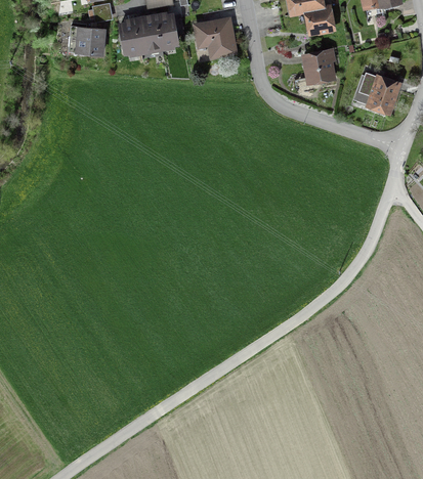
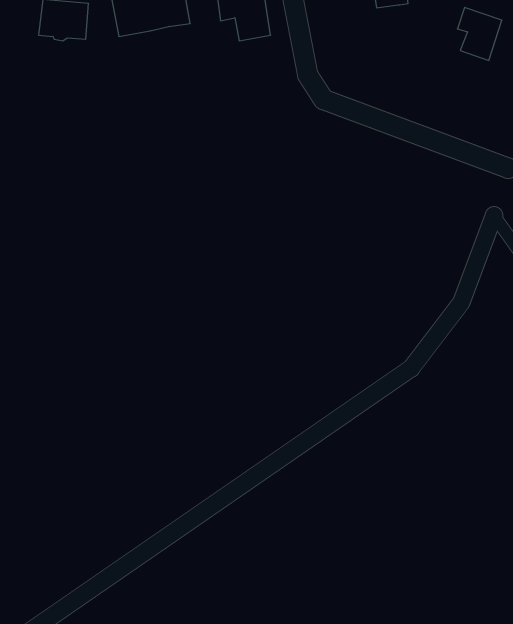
building: [303,52,333,81] -> none
building: [366,75,397,113] -> [457,7,502,60]

